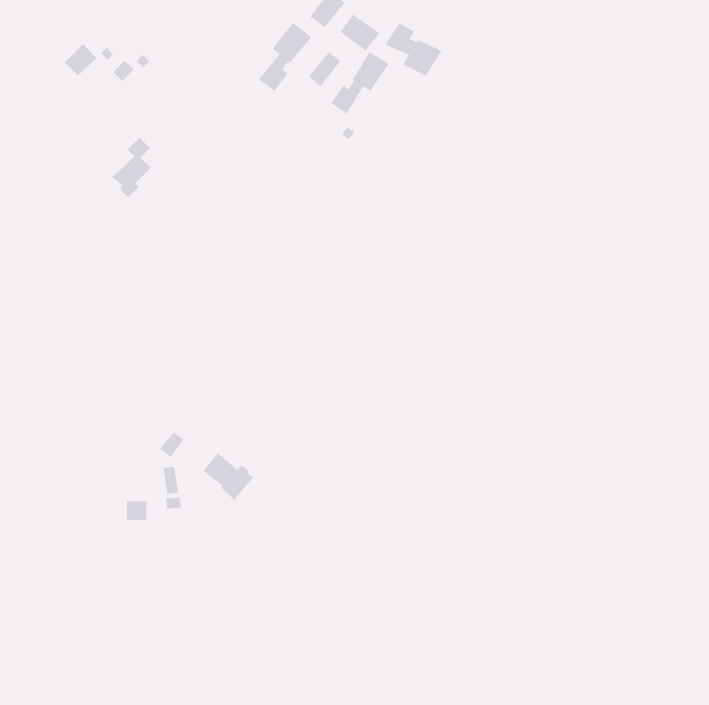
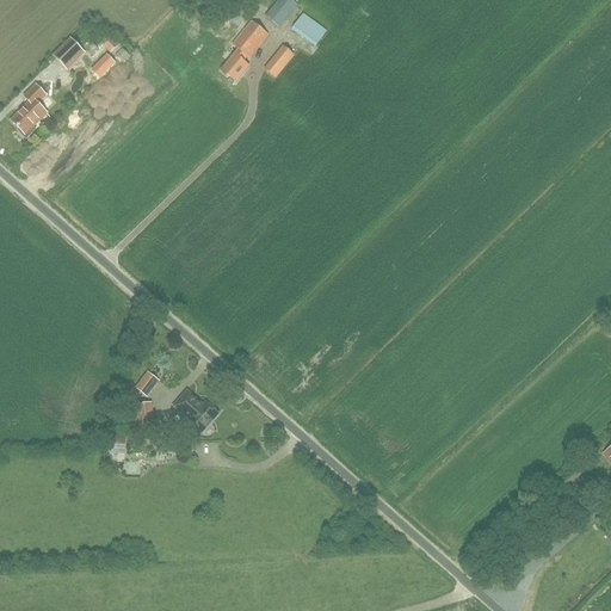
building: [385,23,442,77] -> none
building: [330,51,389,114] -> none
building: [112,137,152,198] -> [12,84,47,136]

